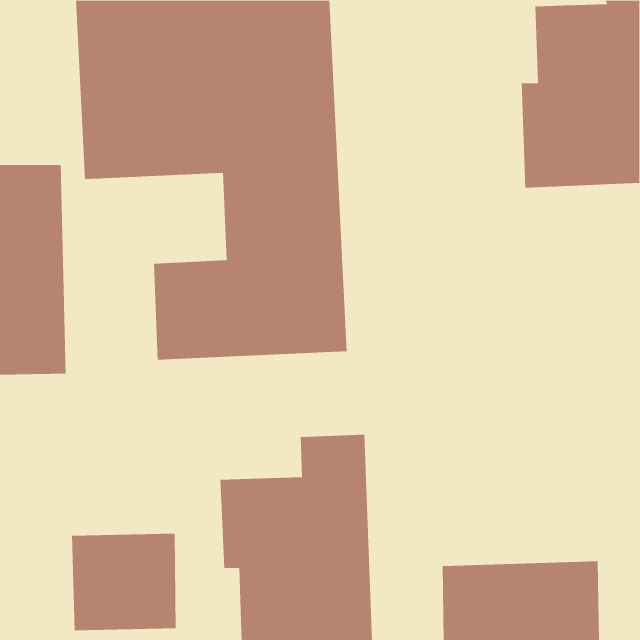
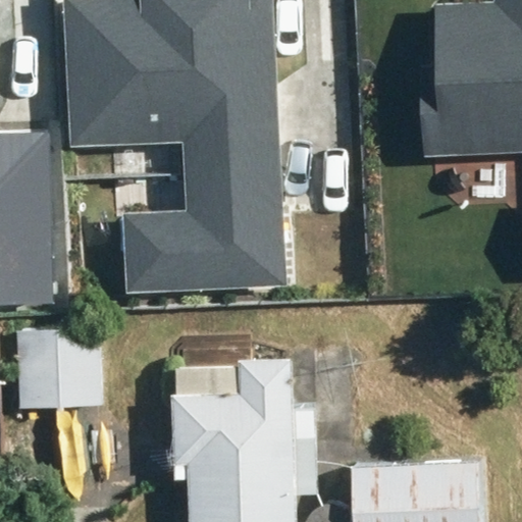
building: [71,533,177,631] -> [22,327,108,407]

